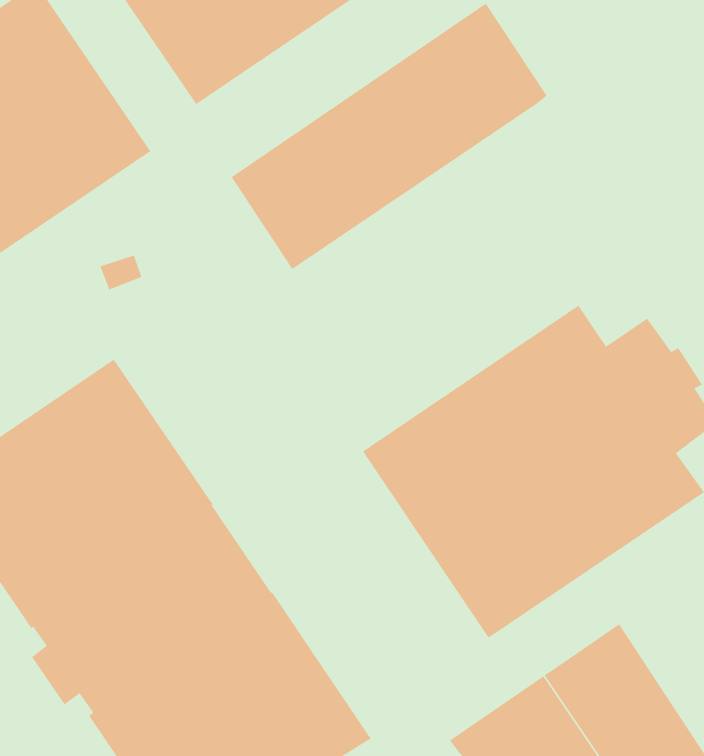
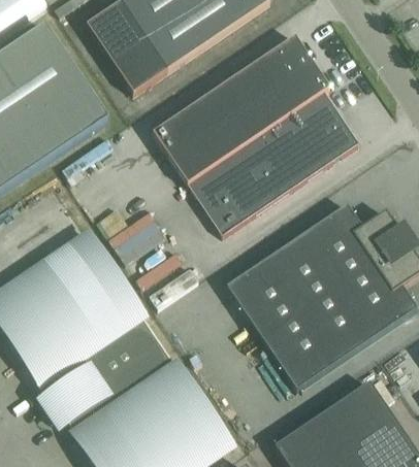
building: none -> [187,90,359,233]

